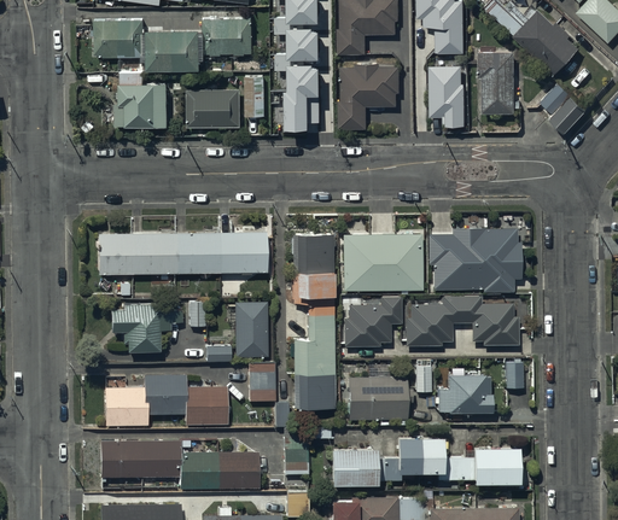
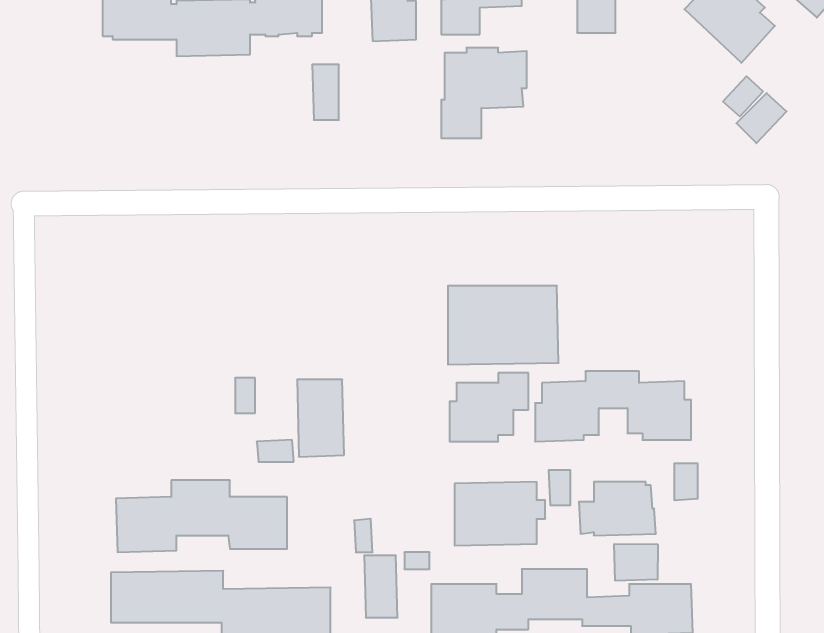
building: [478,51,515,112] -> none
building: [285,63,321,128] -> none
building: [428,65,466,125] -> none
building: [115,82,168,125] -> none
building: [187,88,241,127] -> none
building: [427,227,521,292] -> none
building: [97,232,266,275] -> none
building: [292,234,334,408] -> none
building: [110,303,159,352] -> none
building: [249,363,275,401] -> none
building: none -> [614,544,658,581]

